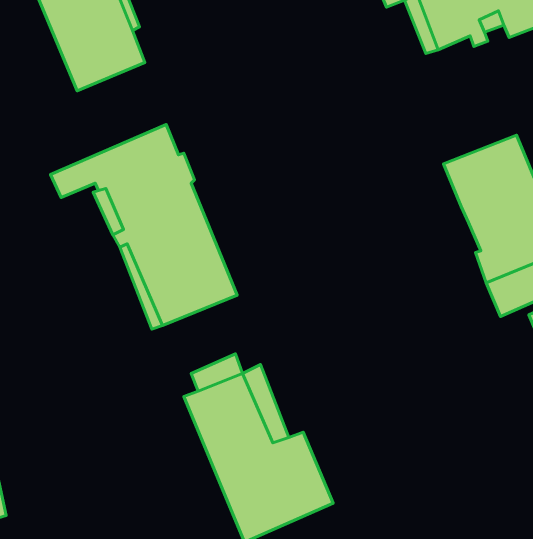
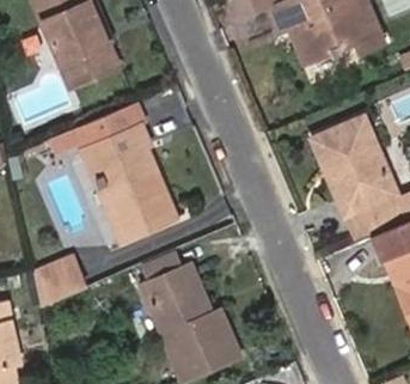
building: none -> [33,257,88,309]

